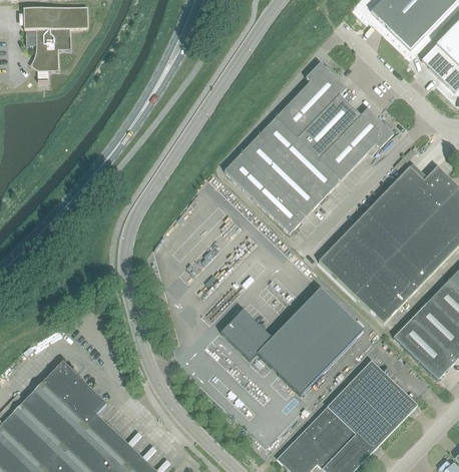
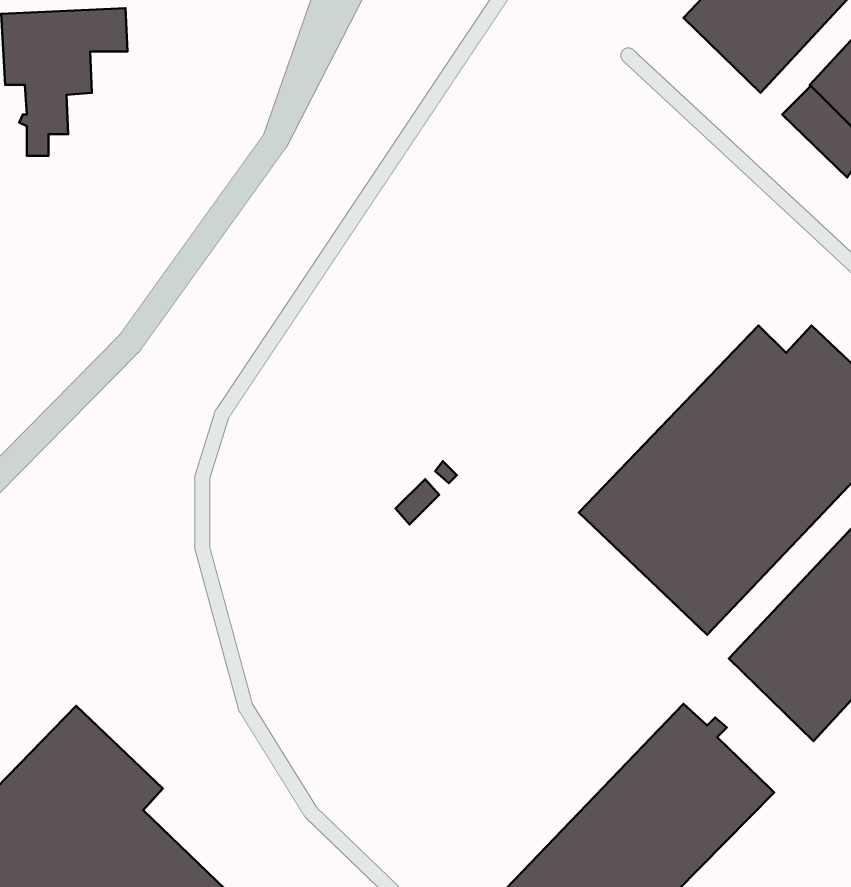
building: [224,63,392,234] -> none
building: [220,288,363,395] -> none

